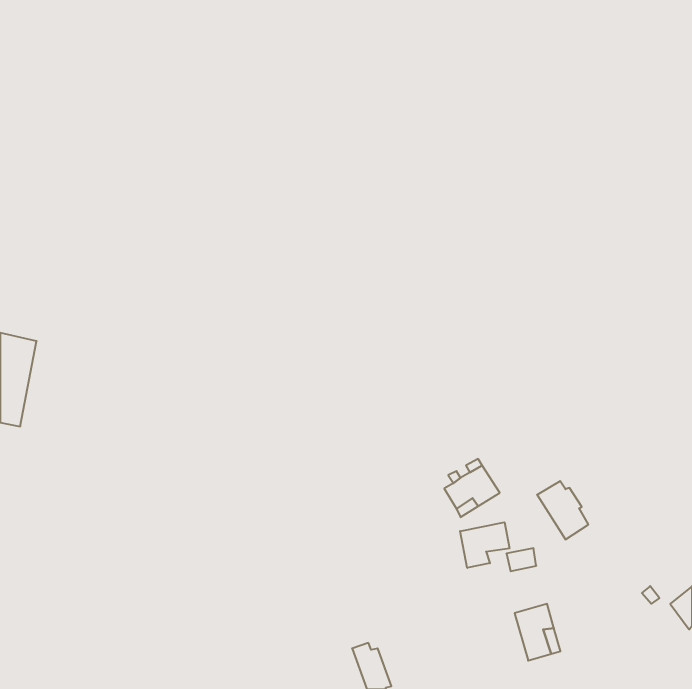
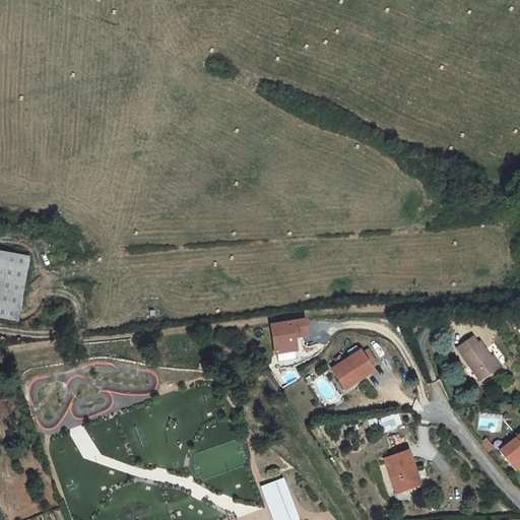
building: none -> [273,317,309,349]
building: [537,481,588,539] -> [463,339,502,383]
building: [460,522,509,568] -> none

